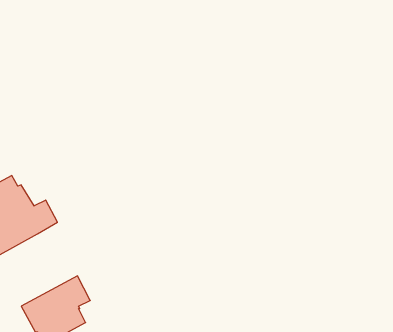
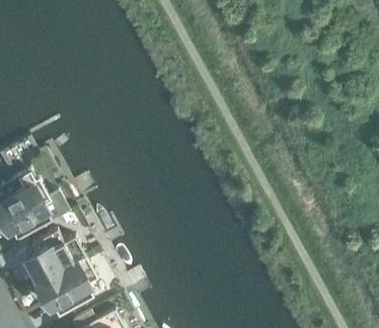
building: none -> [22,233,82,286]

